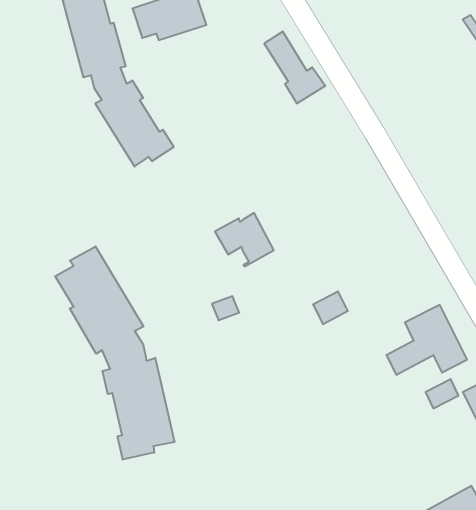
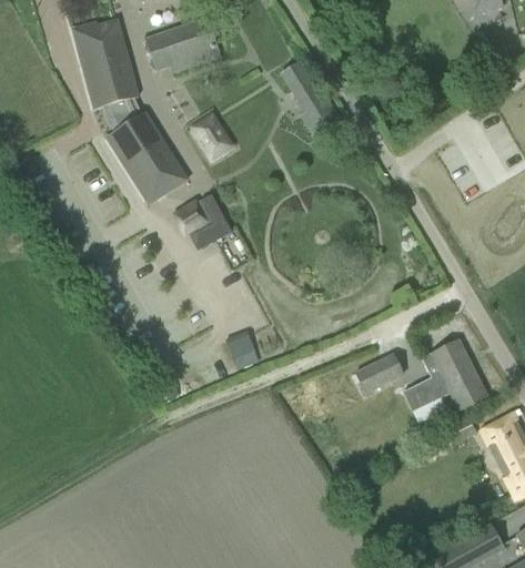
building: none -> [193,116,231,156]
building: [215,213,274,266] -> [172,194,232,248]
building: [55,246,174,460] -> none
building: [313,291,348,324] -> [355,362,391,395]

